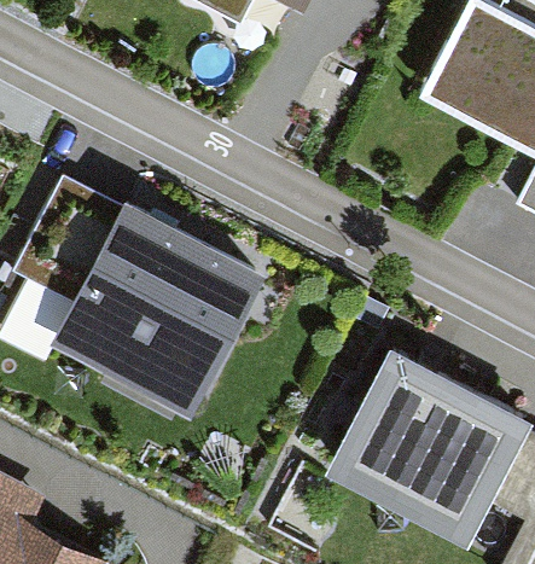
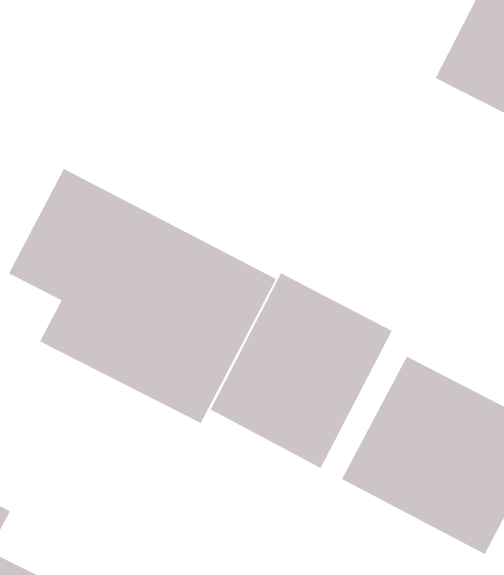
building: none -> [210,272,393,469]

